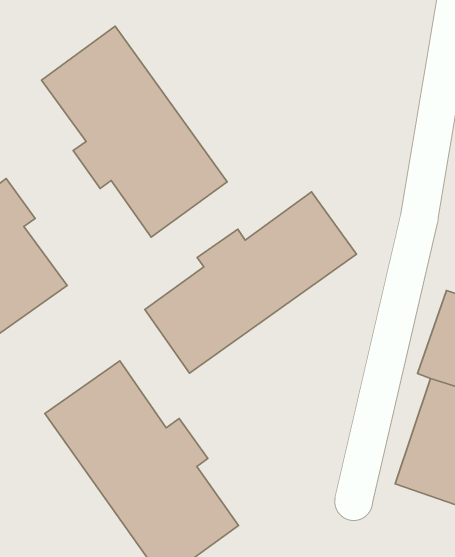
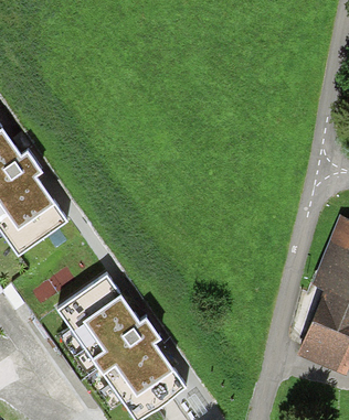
building: [41,26,227,237] -> none
building: [145,192,357,373] -> none

